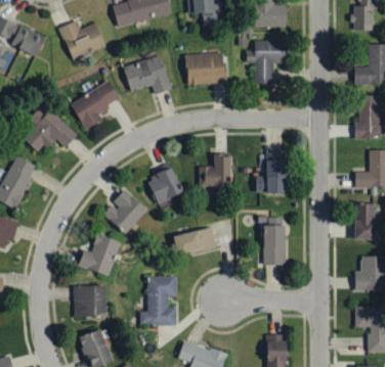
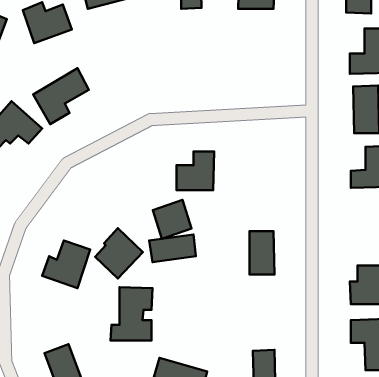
building: [247,40,287,82] -> none
building: [184,50,227,86] -> none
building: [124,55,171,94] -> none
building: [257,152,287,193] -> none
building: [147,169,182,203] -> [153,200,192,239]
building: [104,189,147,234] -> [95,228,143,278]
building: [356,203,376,240] -> none
building: [74,285,106,318] -> none

